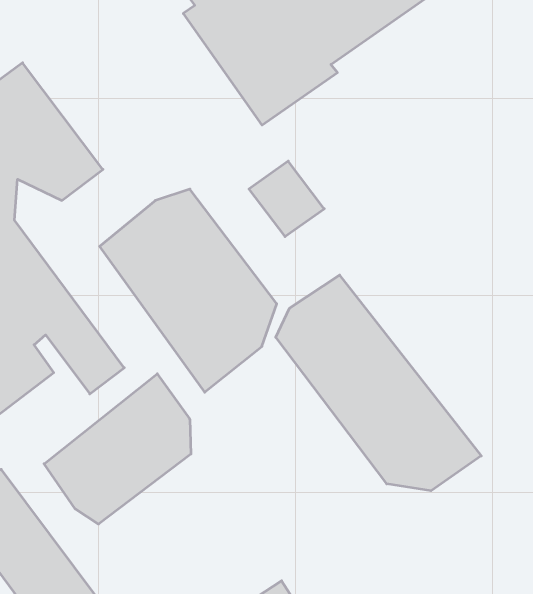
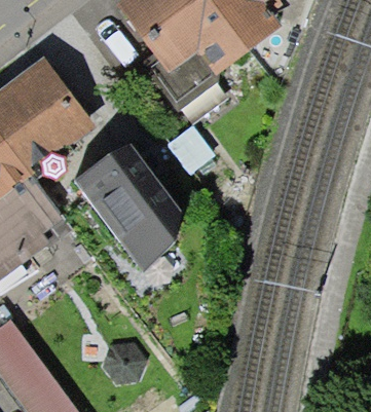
building: [276,275,481,491] -> none
building: [44,374,191,524] -> none

